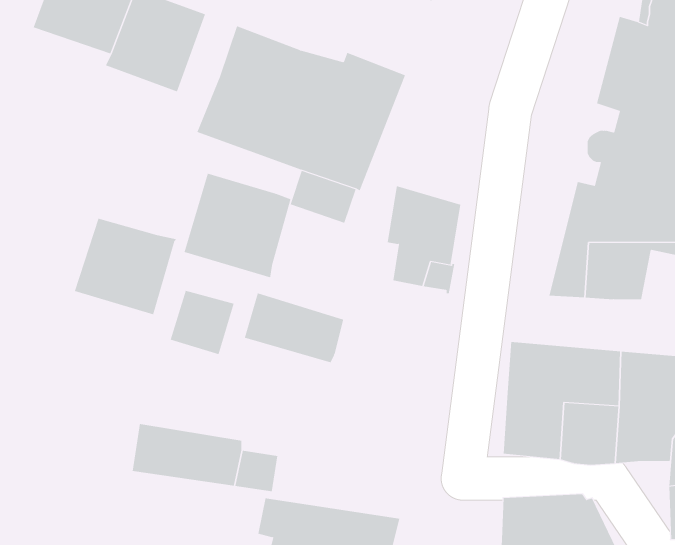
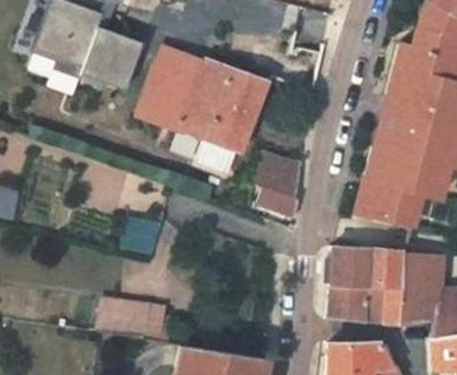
building: [184,173,291,278] -> none
building: [74,218,177,315] -> none
building: [244,293,344,363] -> none

